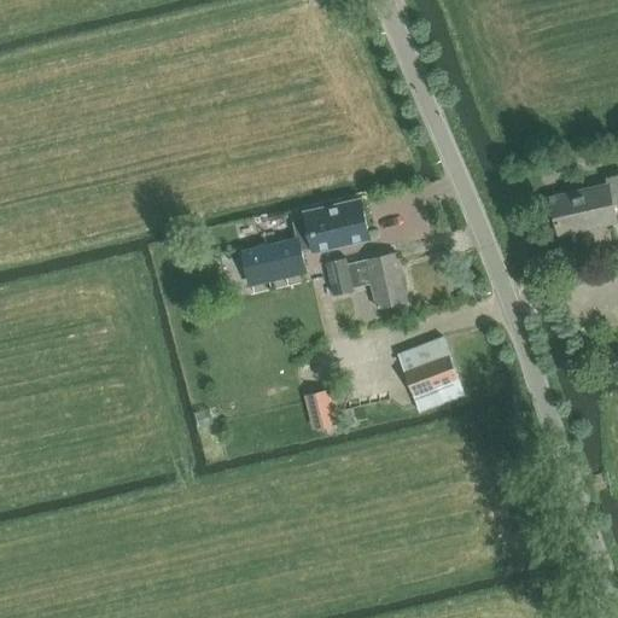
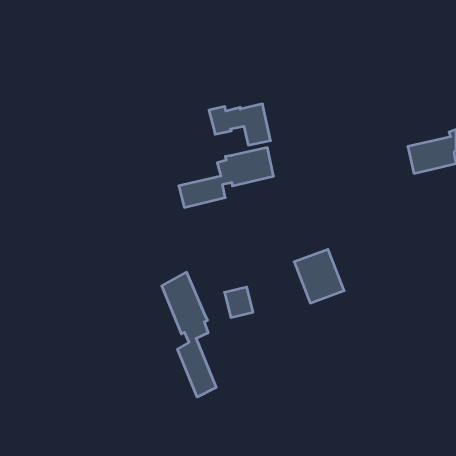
building: [325,253,408,309] -> [209,104,271,145]
building: none -> [162,272,216,397]

